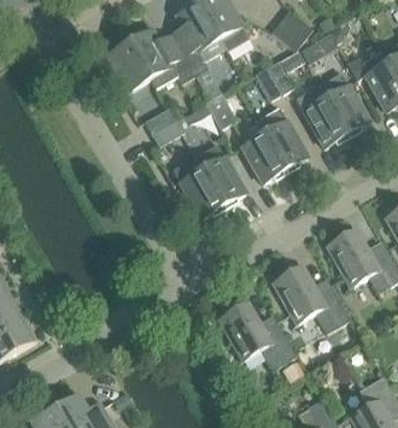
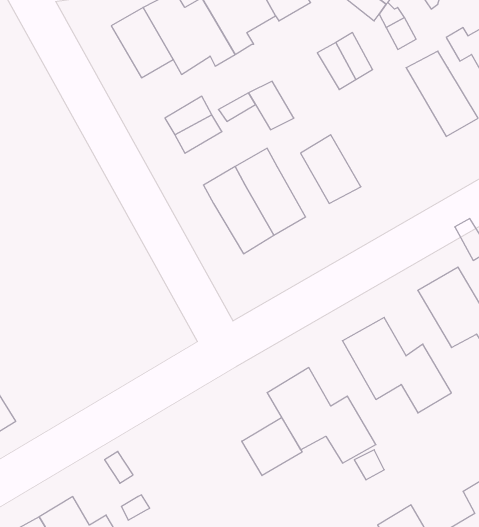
building: [297,84,347,147] -> none
building: [257,107,308,170] -> none
building: none -> [242,418,302,476]

